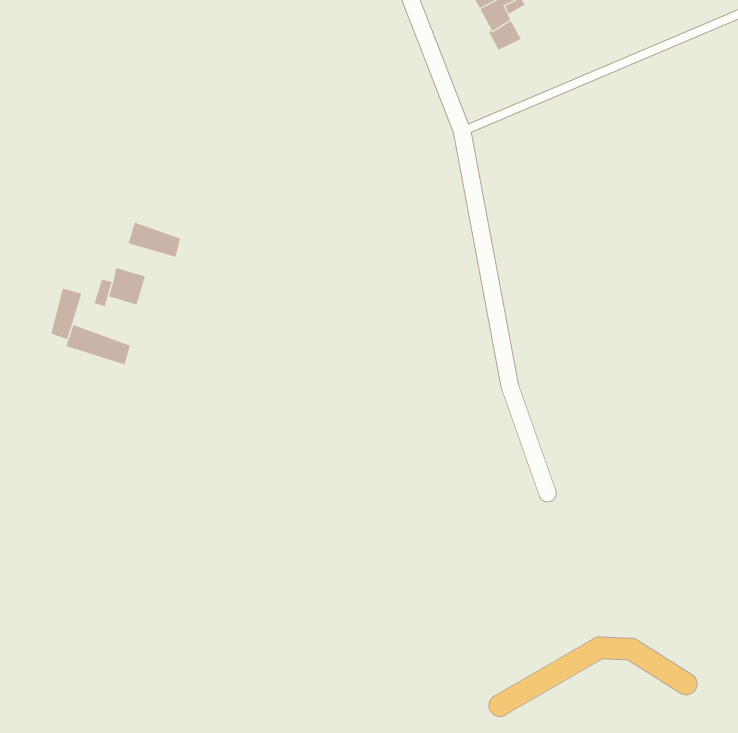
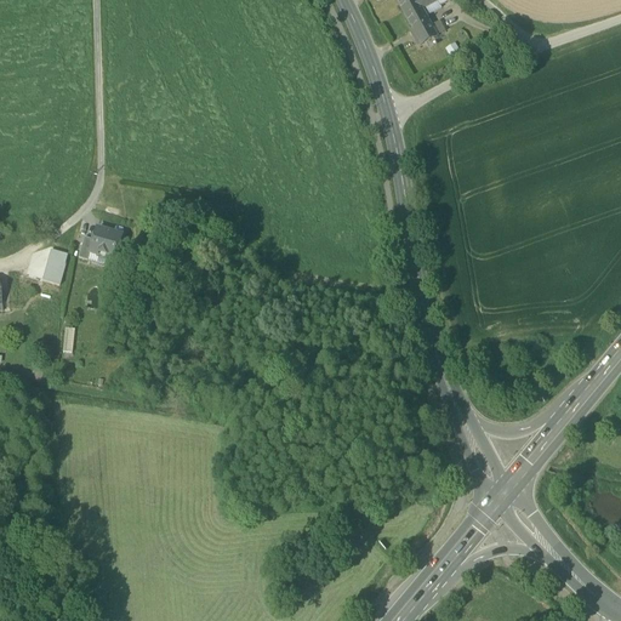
building: [128,222,181,258] -> none
building: [66,324,131,365] -> none

